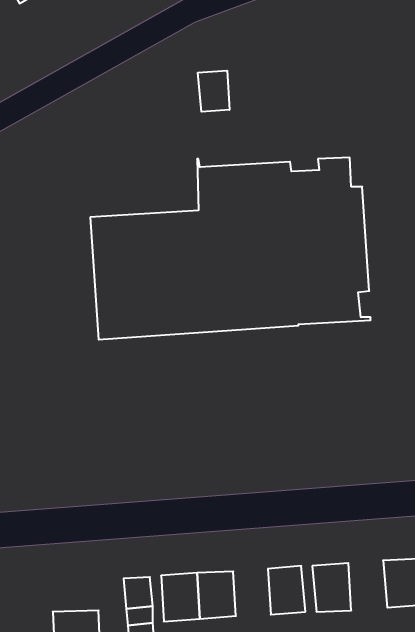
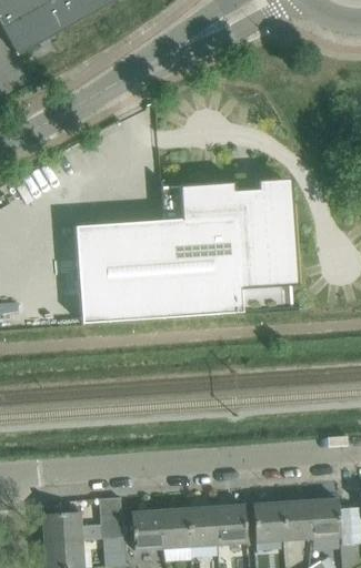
building: [198,71,229,112] -> none
building: none -> [282,499,313,539]
building: none -> [190,506,220,544]
building: none -> [43,510,82,540]

